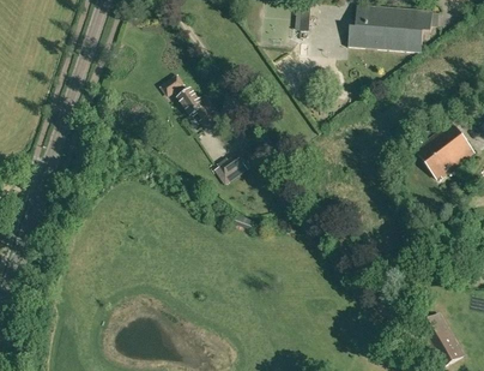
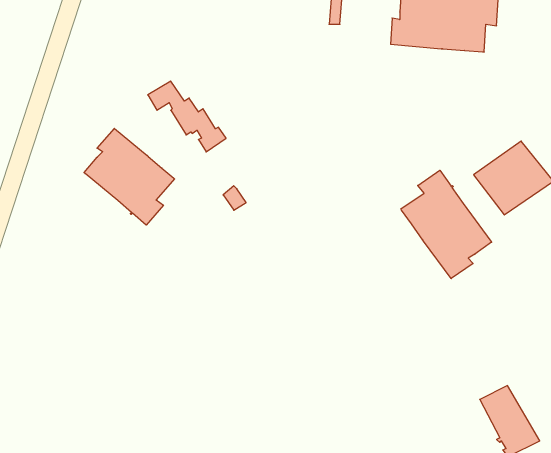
building: none -> [84,128,175,225]
building: none -> [401,170,492,279]

